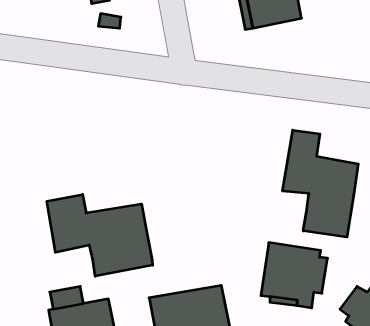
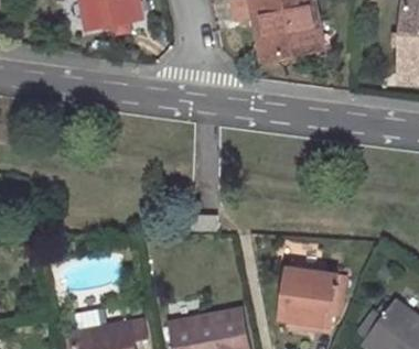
building: [283,130,358,237] -> none
building: [47,194,153,276] -> none

